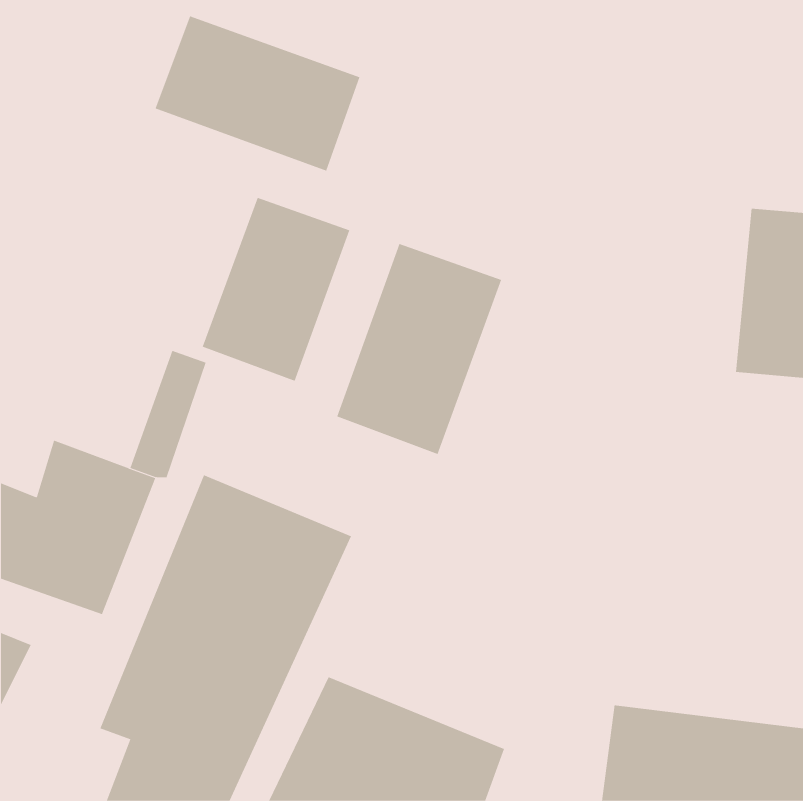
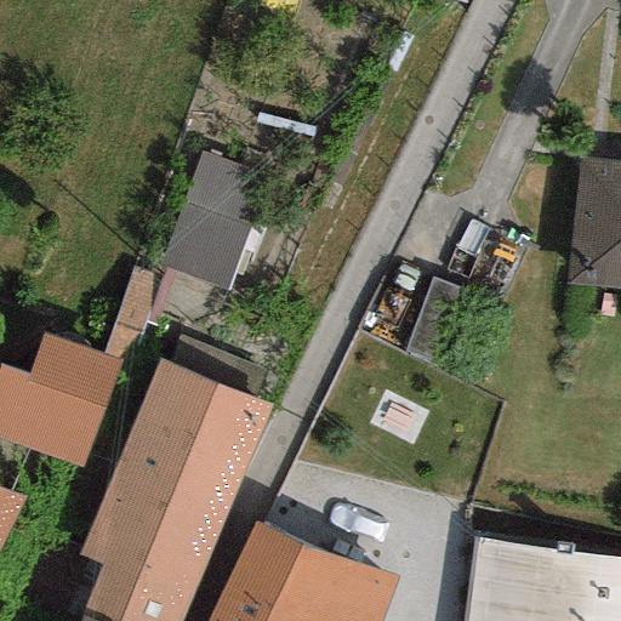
building: [155,15,360,172] -> none
building: [336,243,502,455] -> none

